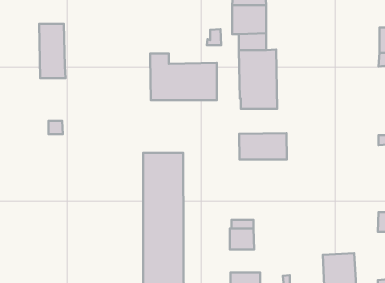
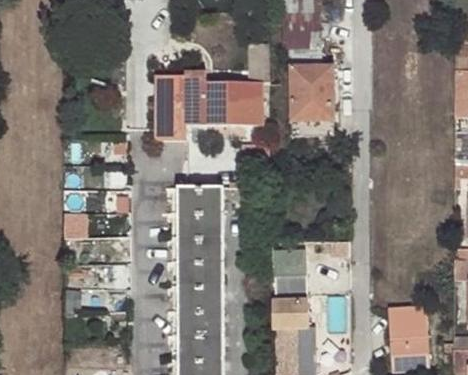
building: [39,24,66,78] -> [155,74,186,138]
building: [239,133,287,160] -> none
building: none -> [271,300,307,327]

